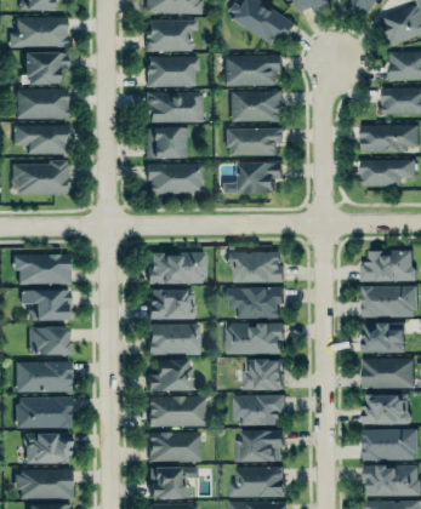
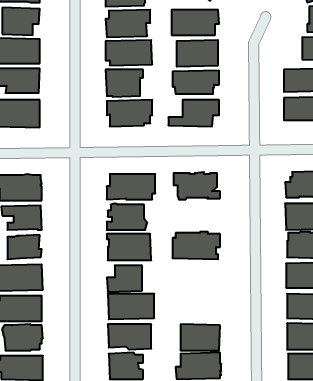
building: [227,288,283,320] -> none
building: [243,358,285,389] -> none
building: [234,394,285,423] -> none

